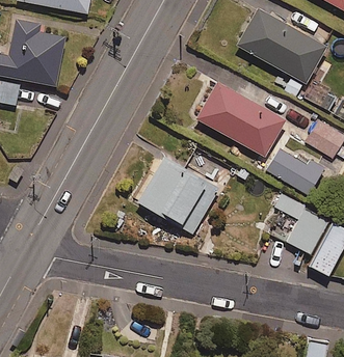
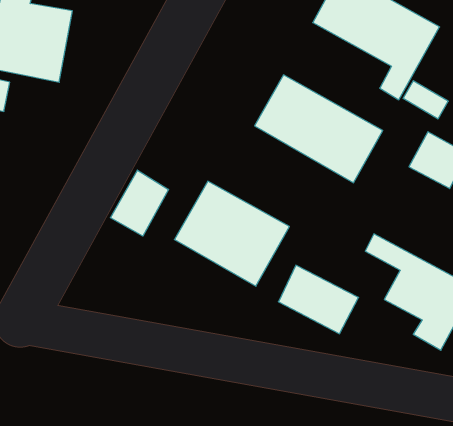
building: [266,147,323,196] -> [278,265,359,334]
building: none -> [110,170,169,236]

